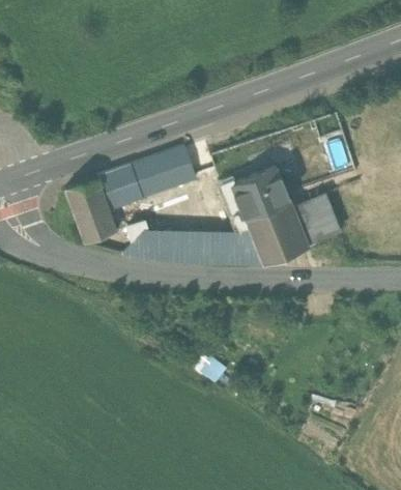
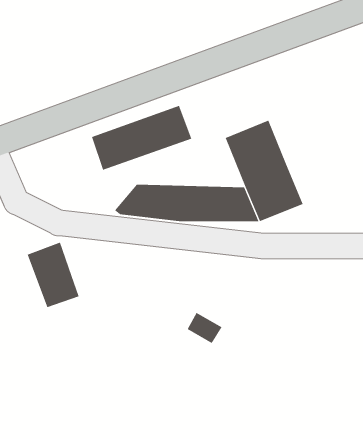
building: [65,180,117,246] -> [27,242,80,308]
building: [291,193,342,247] -> none

